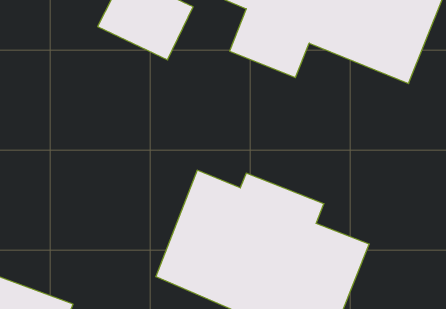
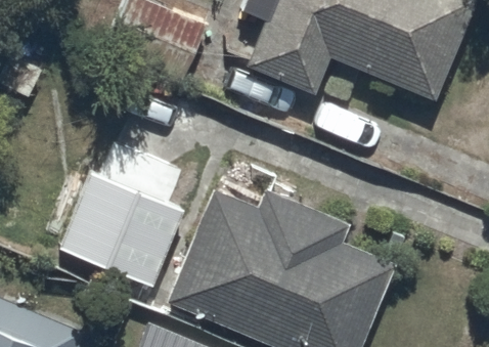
building: none -> [59,192,164,293]

